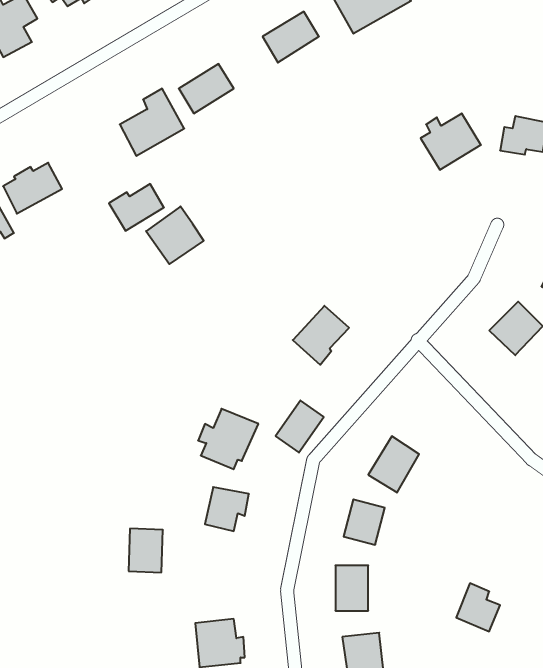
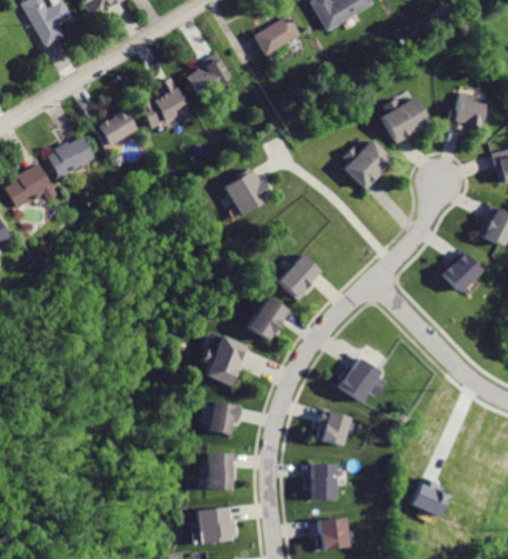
building: none -> [343,138,391,189]
building: [109,184,164,231] -> [90,110,135,148]
building: [146,206,204,264] -> [226,166,272,212]
building: [276,400,324,453] -> [250,298,289,340]
building: [129,529,163,572] -> [207,453,235,489]

